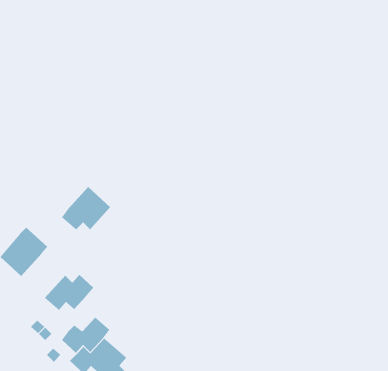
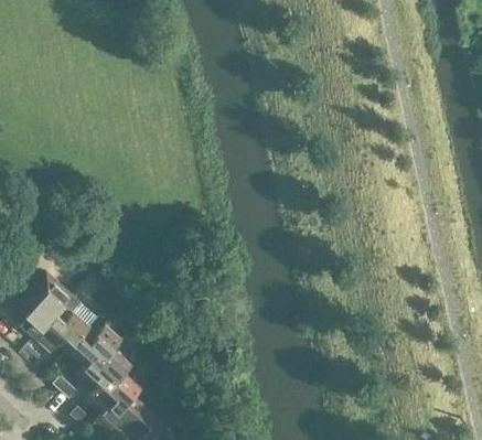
building: [61,186,111,230] -> [36,307,92,355]
building: none -> [77,353,132,393]

